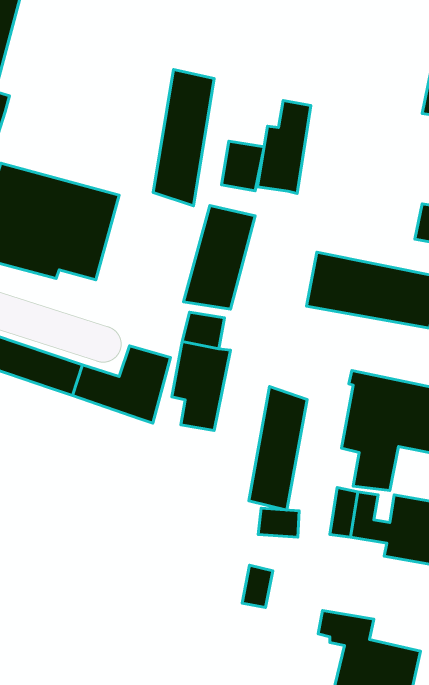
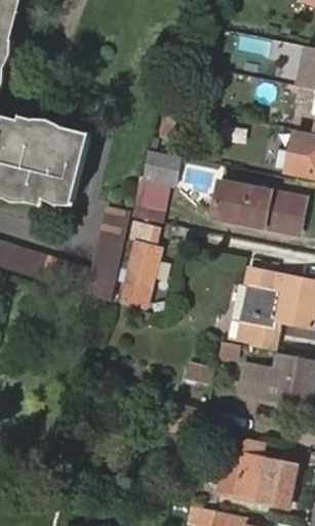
building: [153,69,214,206] -> none
building: [257,101,311,194] -> none
building: none -> [91,210,129,257]
building: [249,387,307,510] -> none

